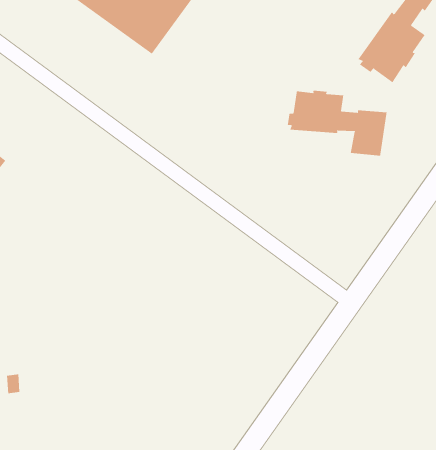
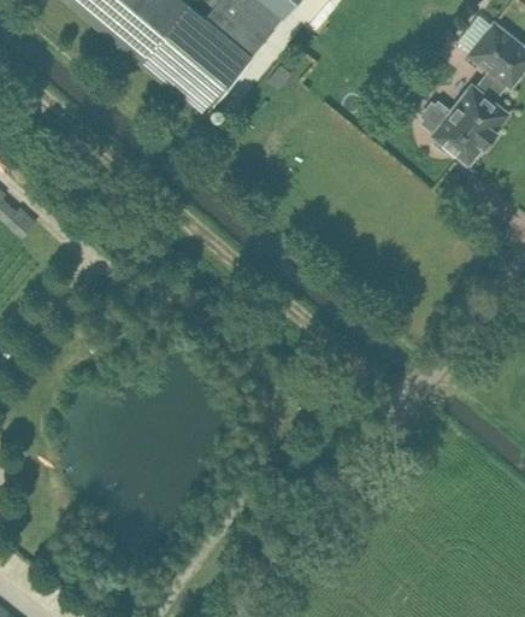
building: [287,90,387,157] -> none

